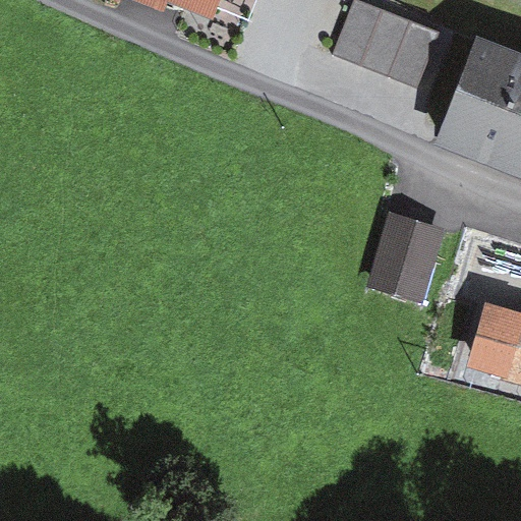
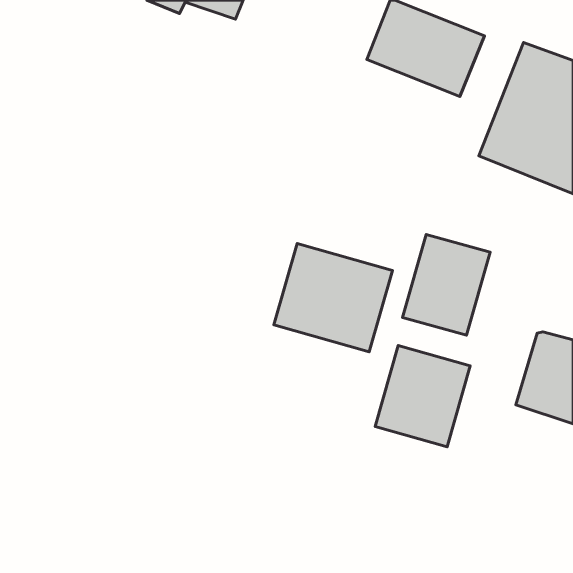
building: none -> [274,244,392,352]
building: none -> [375,345,470,447]

